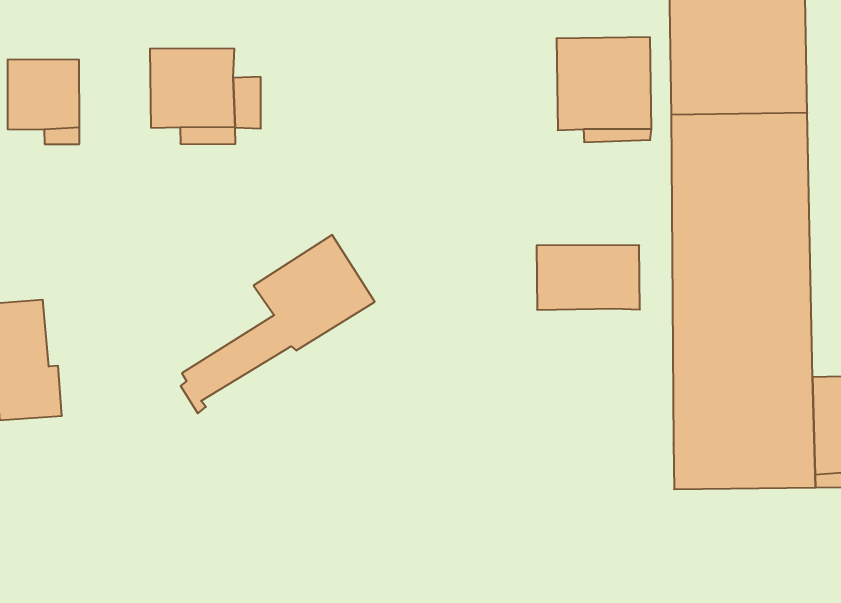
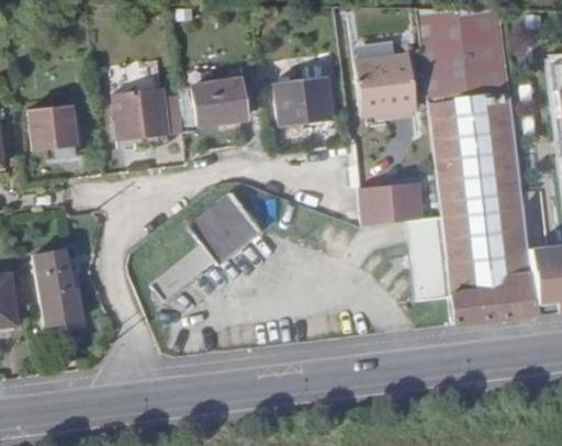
building: none -> [191,79,244,125]
building: none -> [274,76,330,125]
building: none -> [406,216,450,300]

